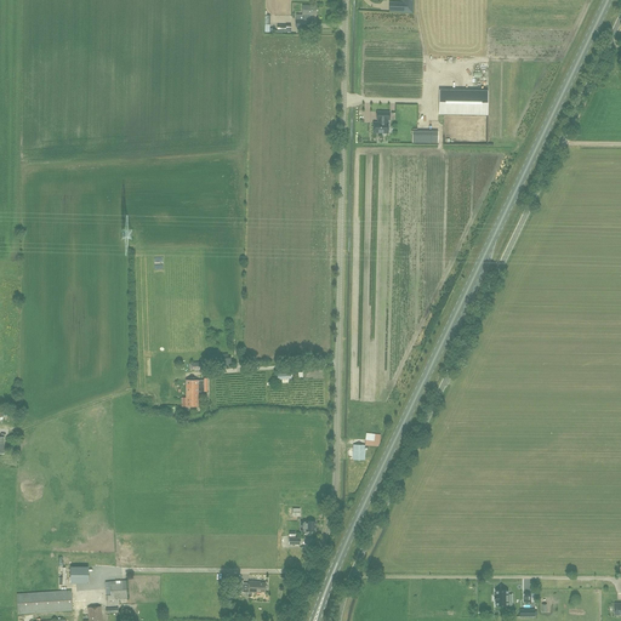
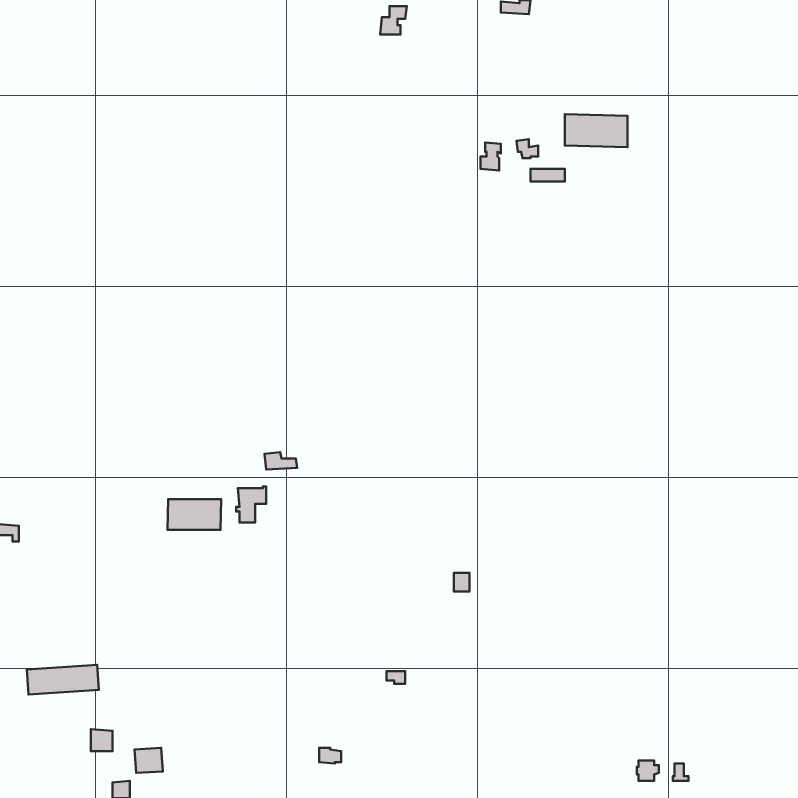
building: none -> [168,499,221,530]
building: [16,589,72,613] -> [27,665,99,695]

